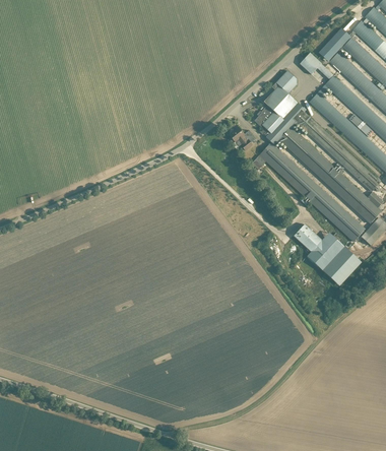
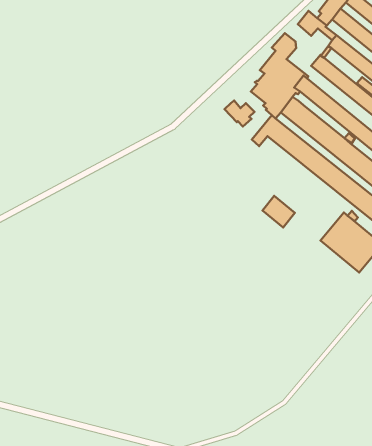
building: [294,223,322,252] -> [262,196,295,227]

